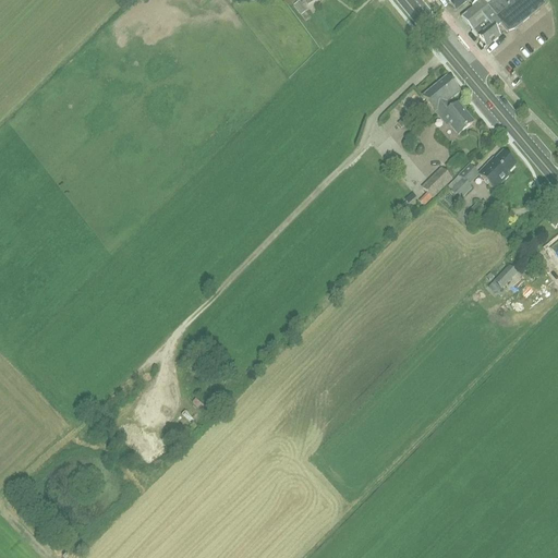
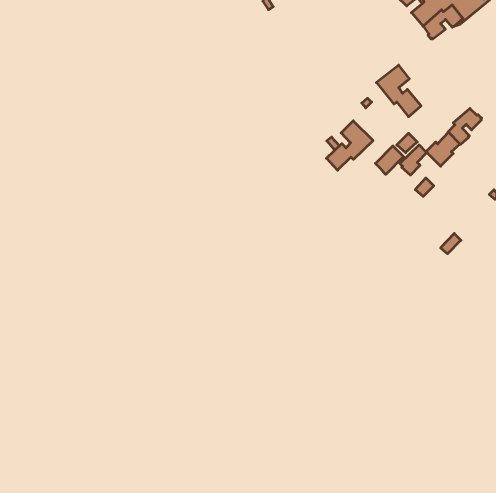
building: none -> [448,108,482,144]
building: none -> [326,121,373,170]

